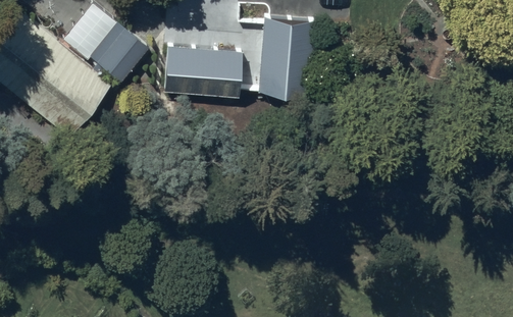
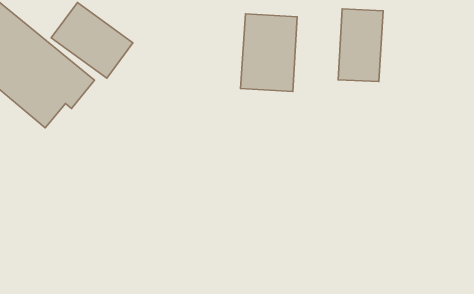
building: none -> [338,9,383,82]
building: [162,31,240,95] -> none

